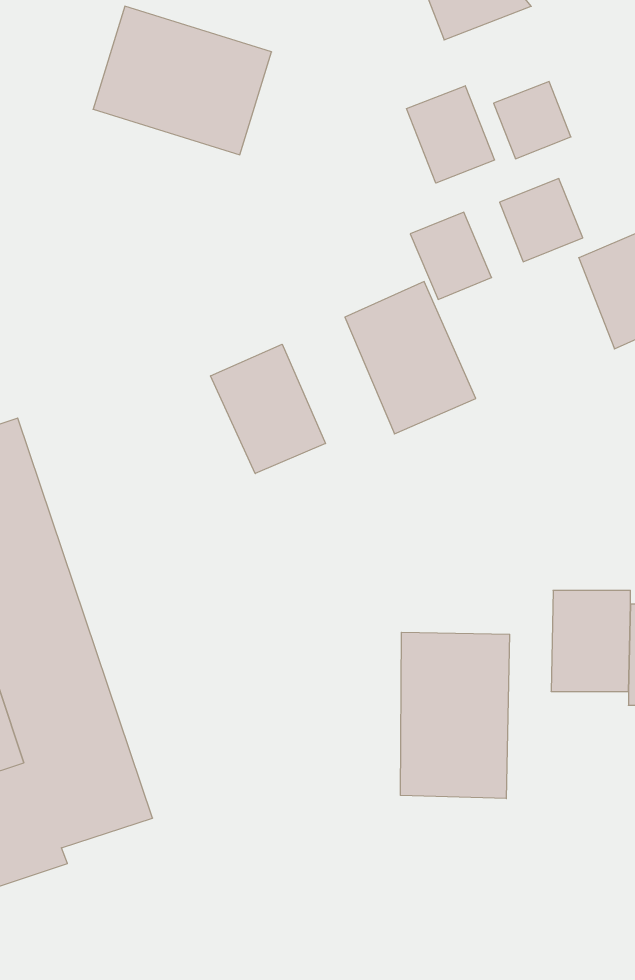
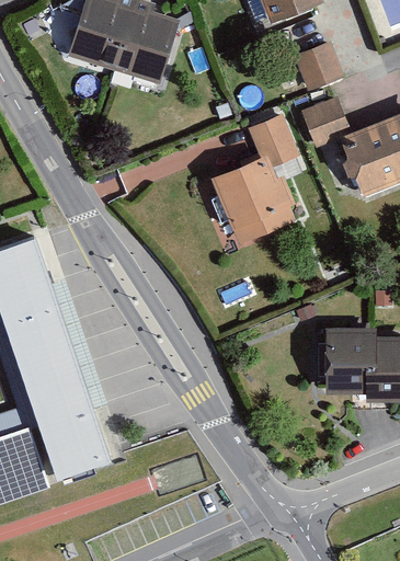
building: [407,86,494,183] -> none
building: [211,344,325,474] -> none
building: [400,632,510,799] -> none

